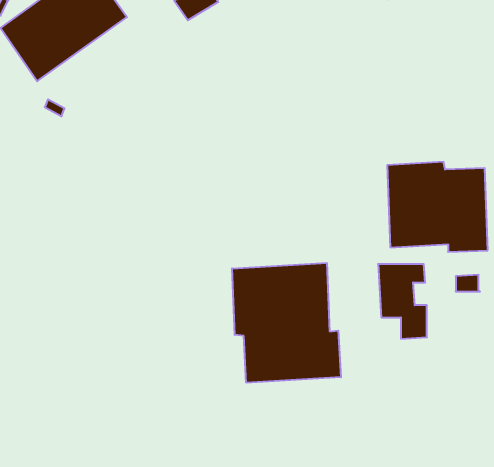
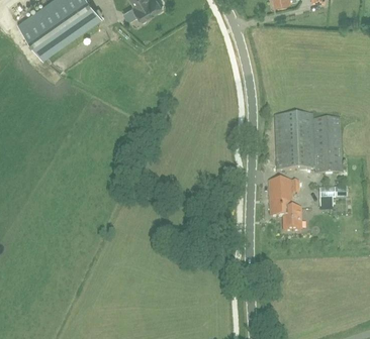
building: [232,263,341,383] -> none

